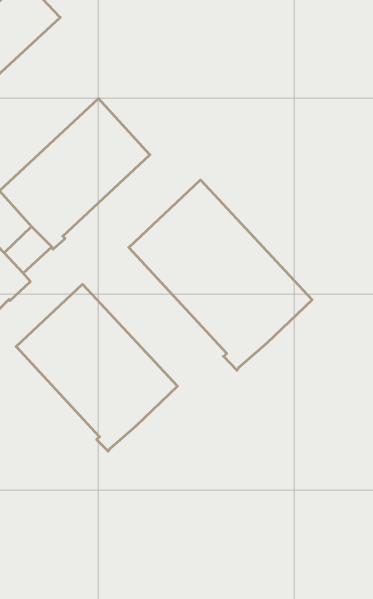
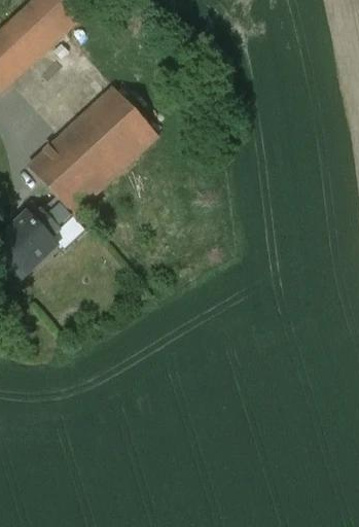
building: [129,180,312,370] -> none
building: [16,284,177,451] -> none

